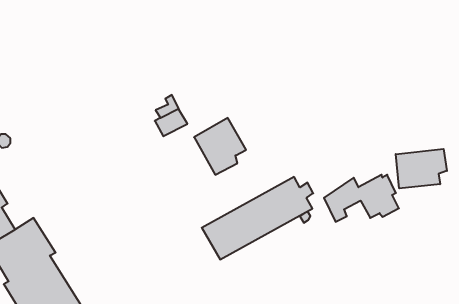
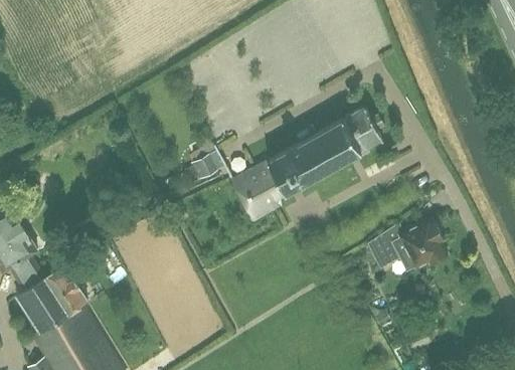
building: [396,149,447,188] -> none
building: [202,177,313,259] -> [268,109,384,195]

